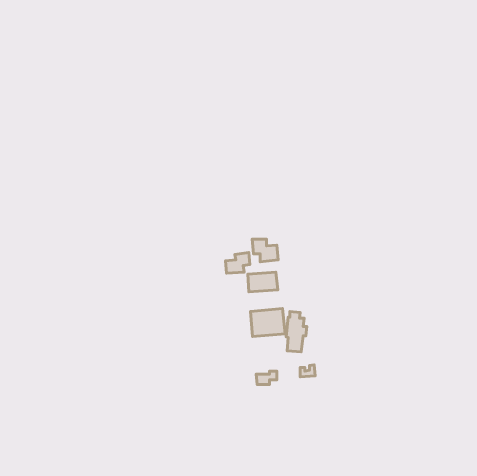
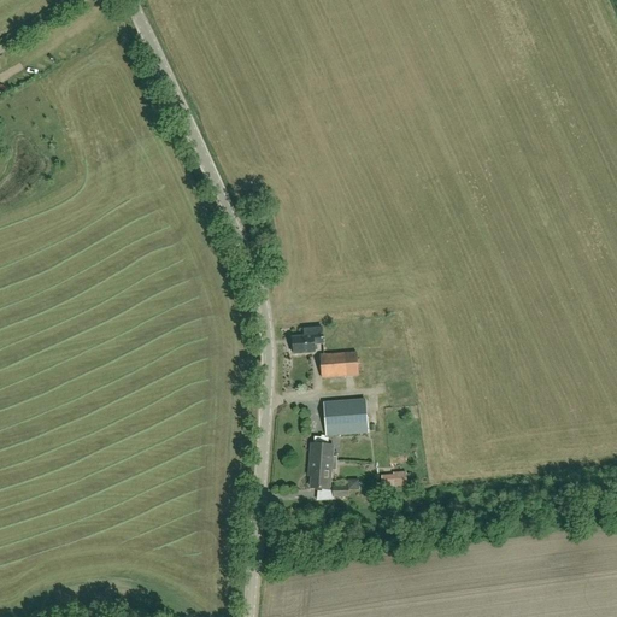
building: [252,239,278,262] -> none
building: [286,311,307,352] -> [308,435,335,487]

